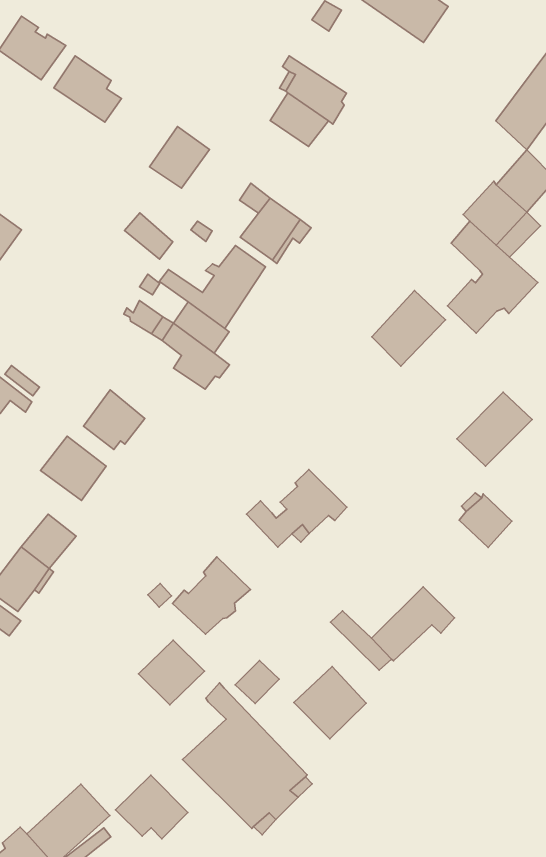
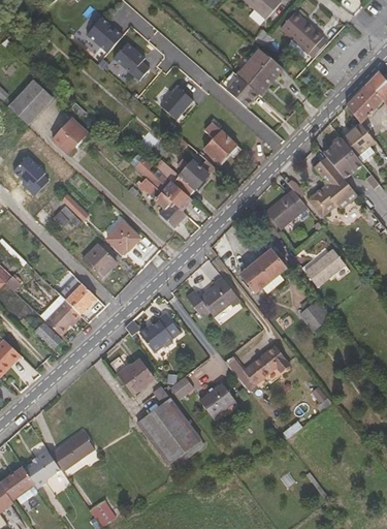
building: none -> [240,43,282,80]
building: none -> [240,249,286,292]
building: [116,775,188,839] -> none

